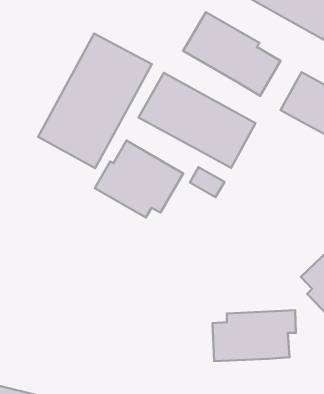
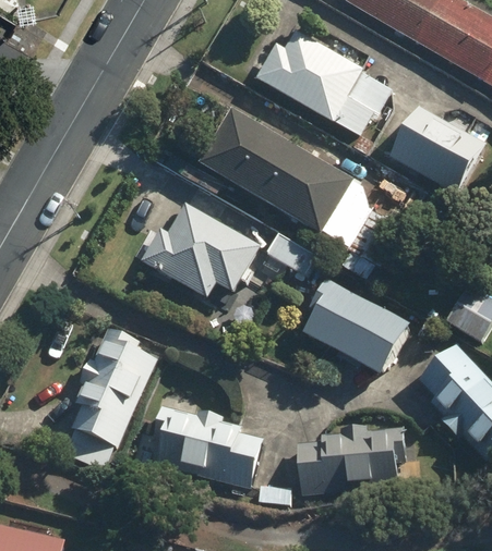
building: [38,34,152,168] -> none
building: none -> [300,278,417,376]
building: none -> [67,322,157,470]
building: none -> [143,407,260,488]

